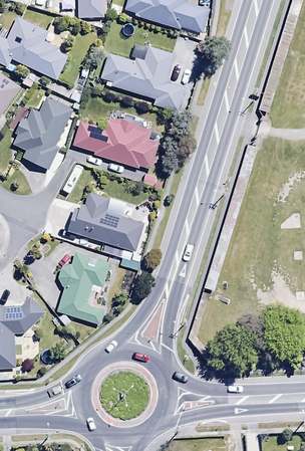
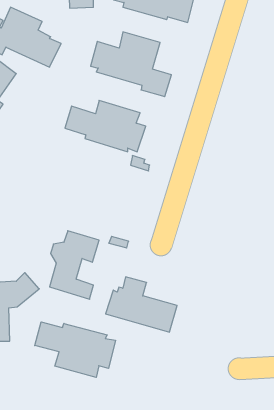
building: [13,94,74,170] -> none
building: [67,192,142,250] -> [106,277,177,332]
building: none -> [35,322,115,377]

